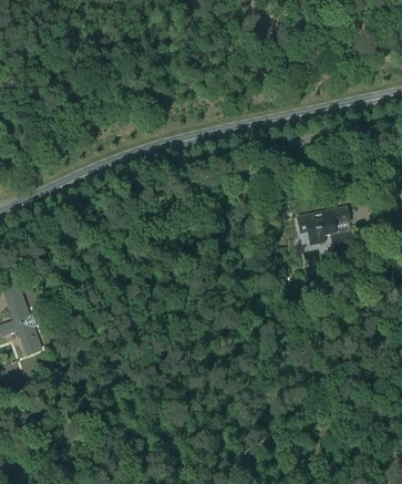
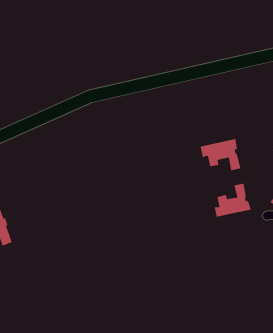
building: none -> [214,183,251,217]

